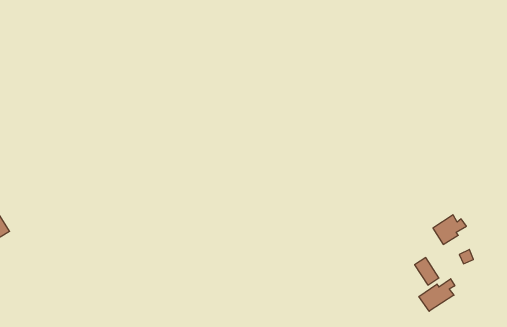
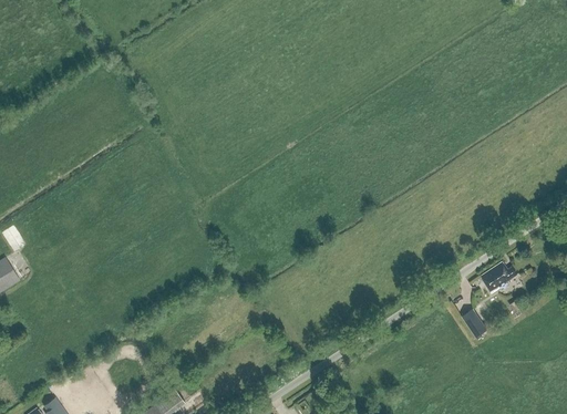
building: [419,279,455,311] -> none

